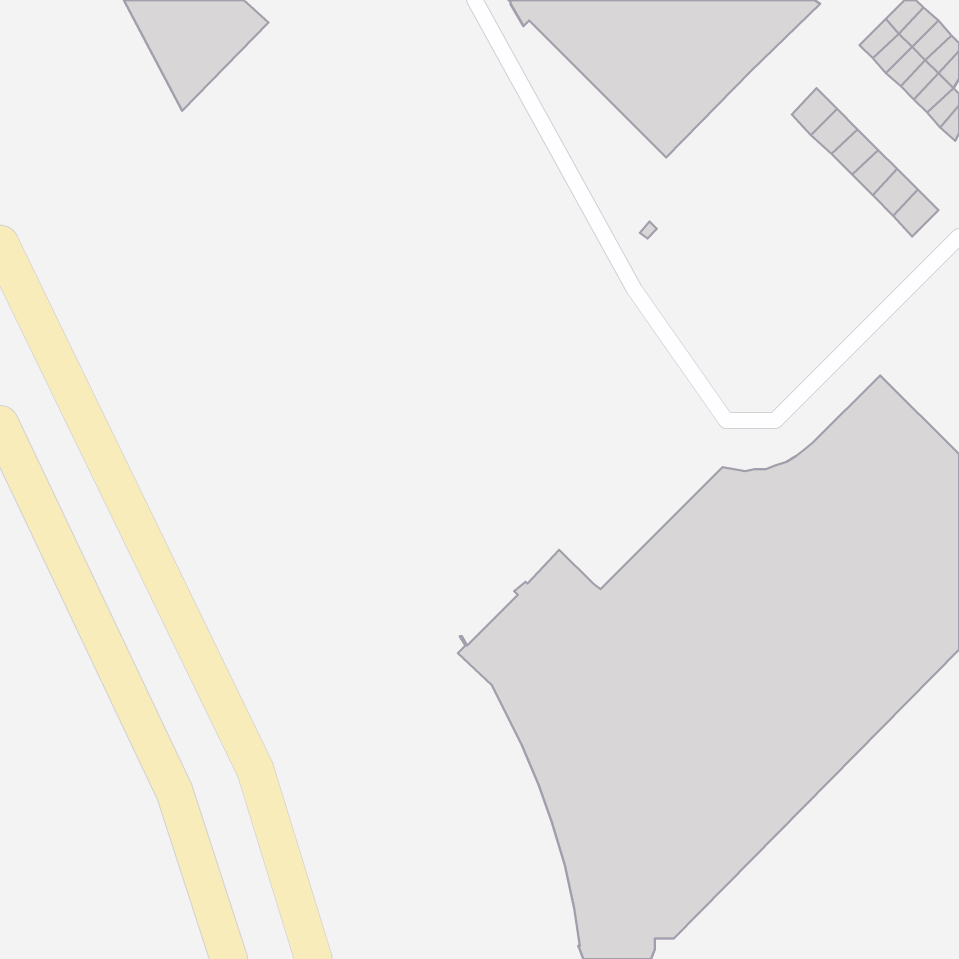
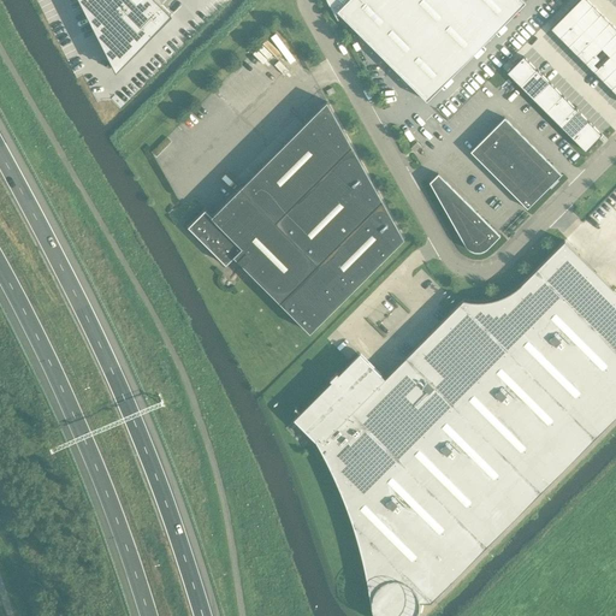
building: none -> [188,102,404,332]
building: none -> [470,118,561,208]
building: none -> [430,174,500,253]

